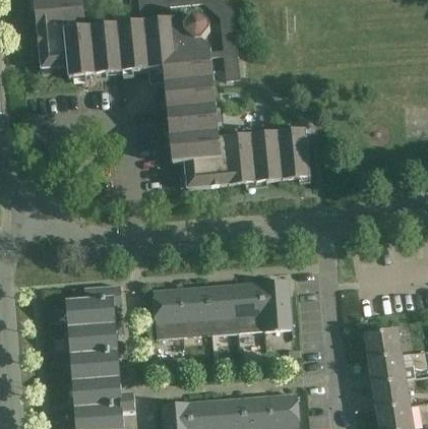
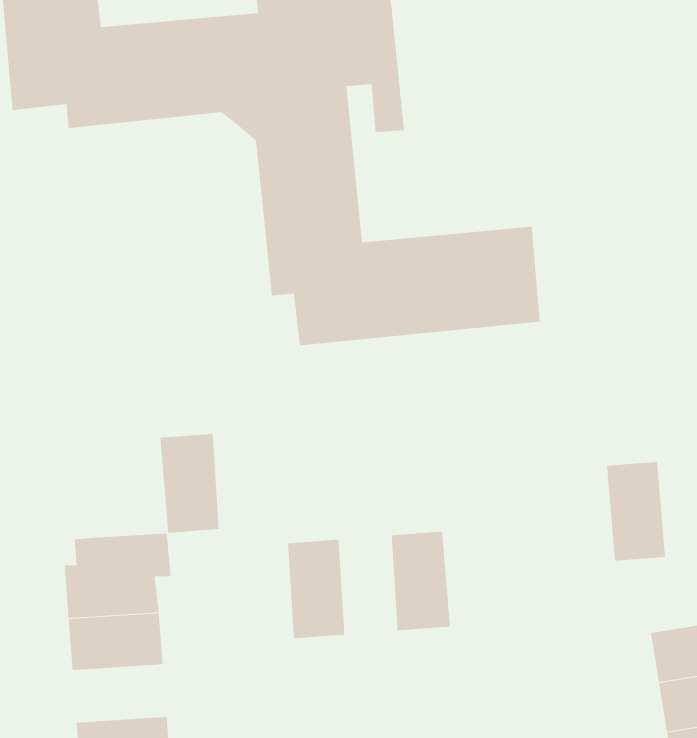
building: [260,281,291,331] -> [606,462,666,561]
building: [207,285,237,335] -> none
building: [154,289,184,340] -> [159,433,219,533]
building: [71,351,120,380] -> none

